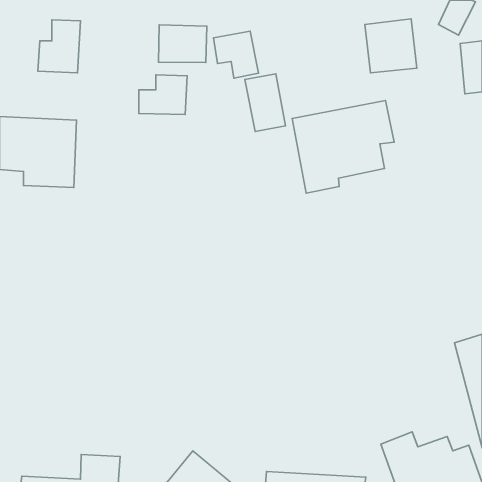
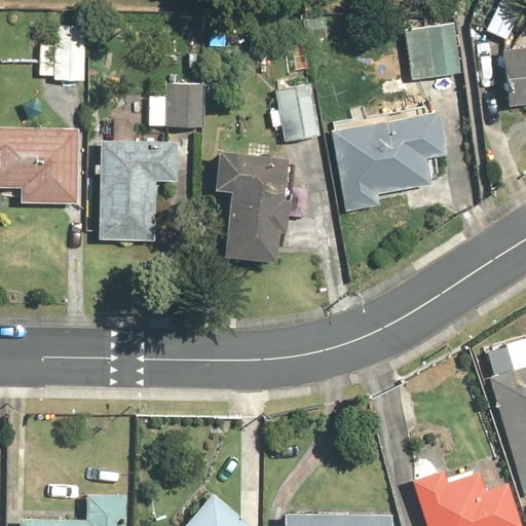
building: [159,25,207,63] -> none
building: [213,31,259,78] -> none
building: none -> [104,141,181,238]
building: none -> [217,147,294,261]

